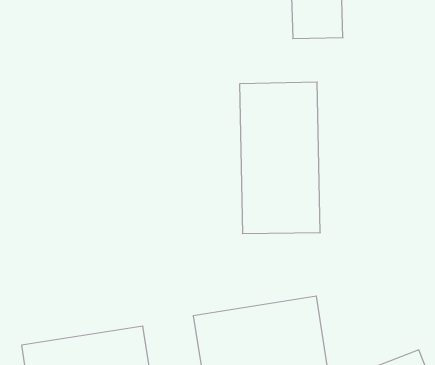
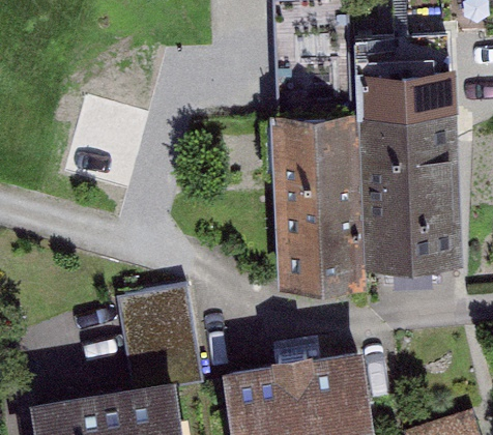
building: none -> [378,85,457,258]
building: none -> [113,289,198,381]

